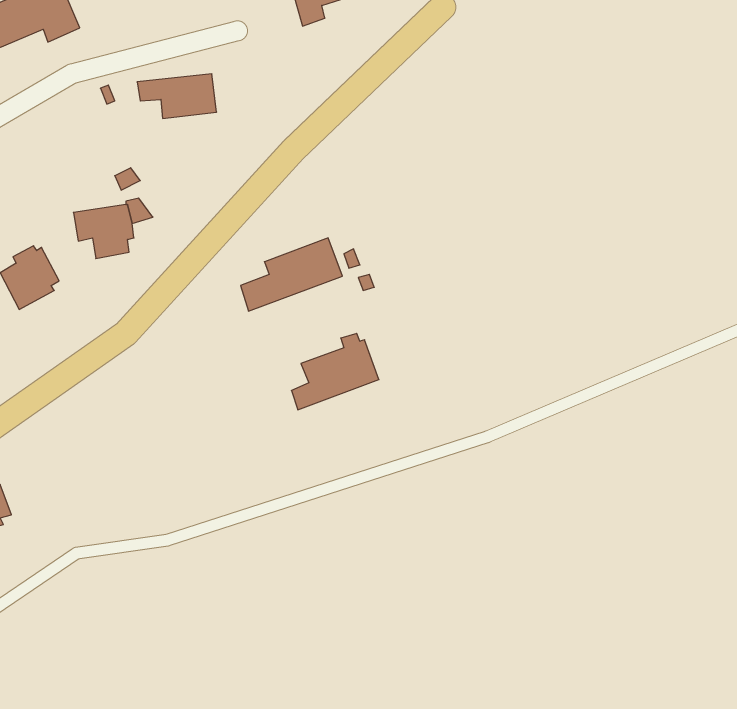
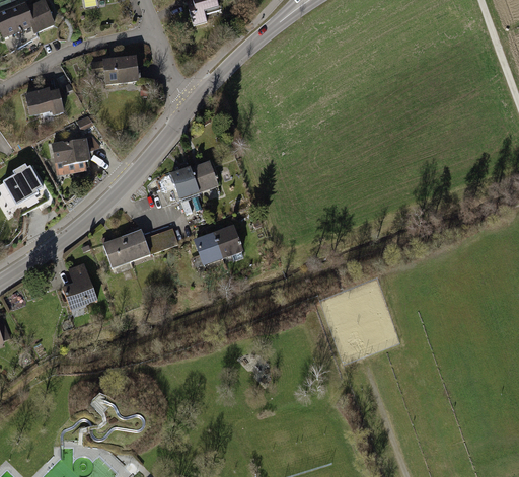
building: none -> [24,88,65,117]
building: none -> [100,227,178,269]
building: none -> [60,261,98,311]

